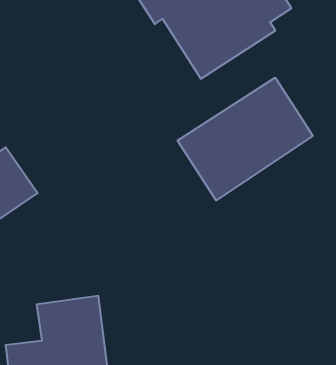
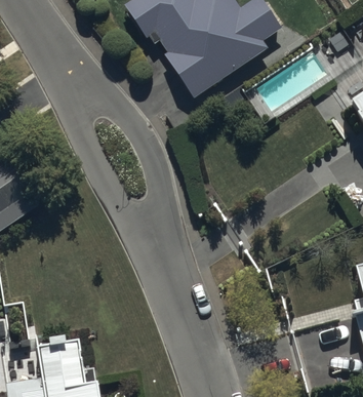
building: [178,78,313,200] -> none

